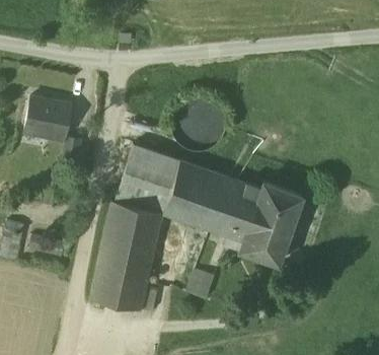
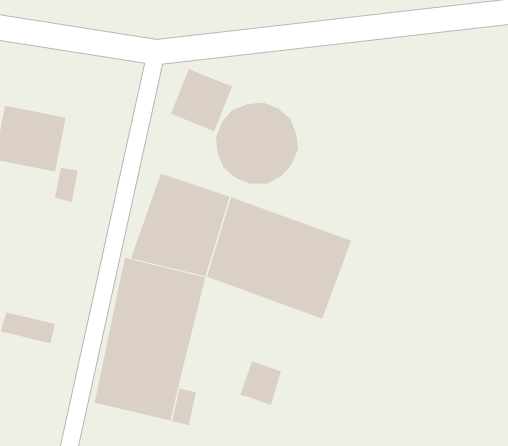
building: none -> [170,68,233,132]
building: [240,182,304,265] -> none

